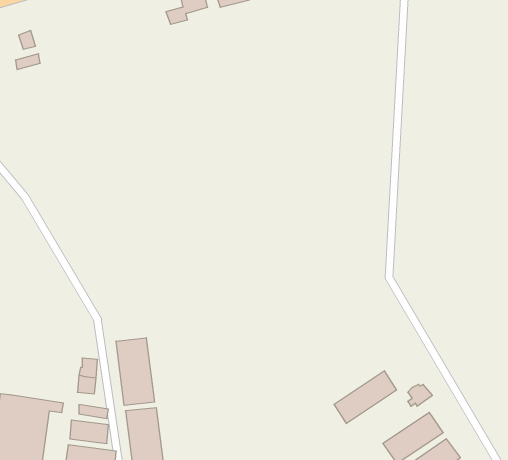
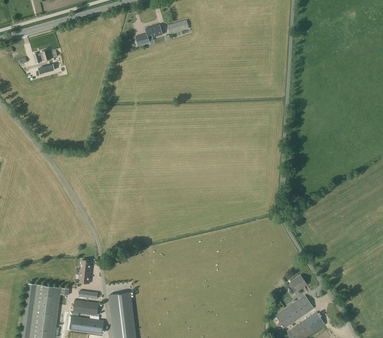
building: [116,338,154,405] -> none
building: [334,371,397,424] -> none

